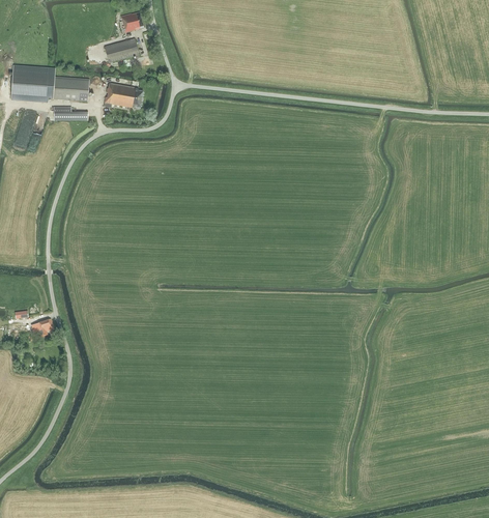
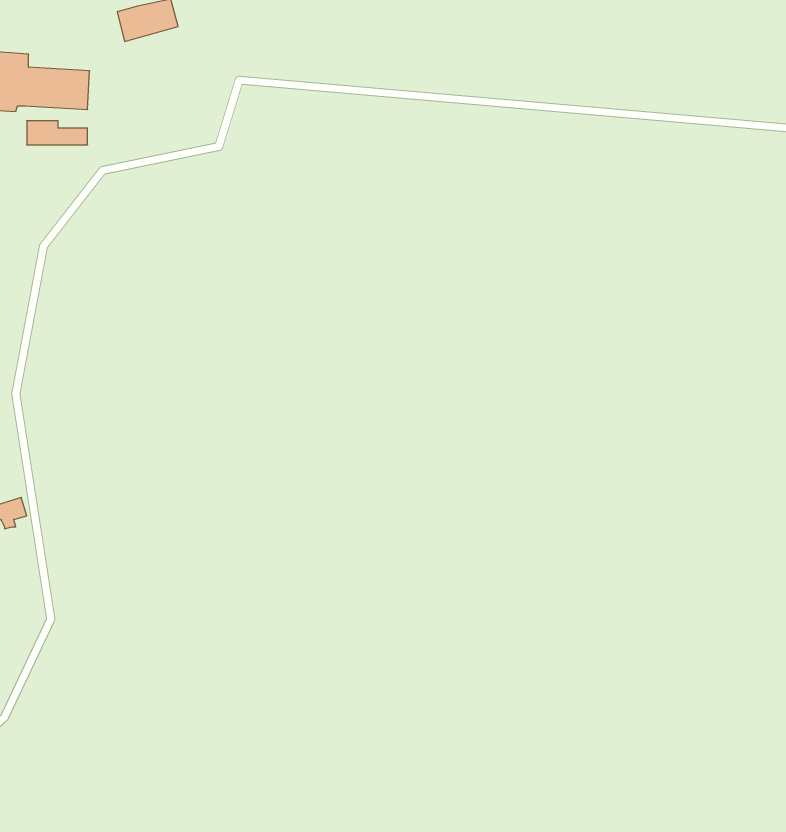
building: [104,76,143,106] -> none

